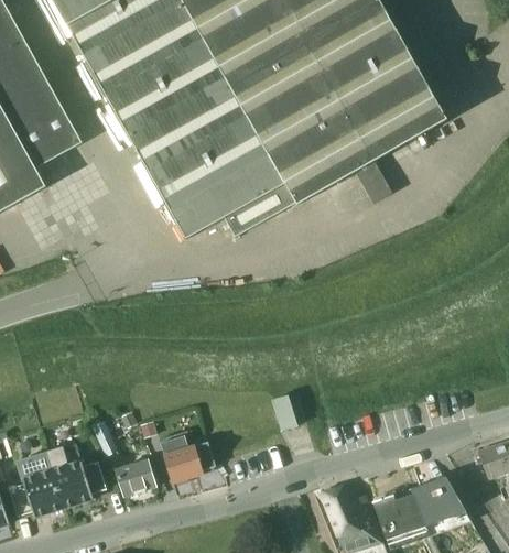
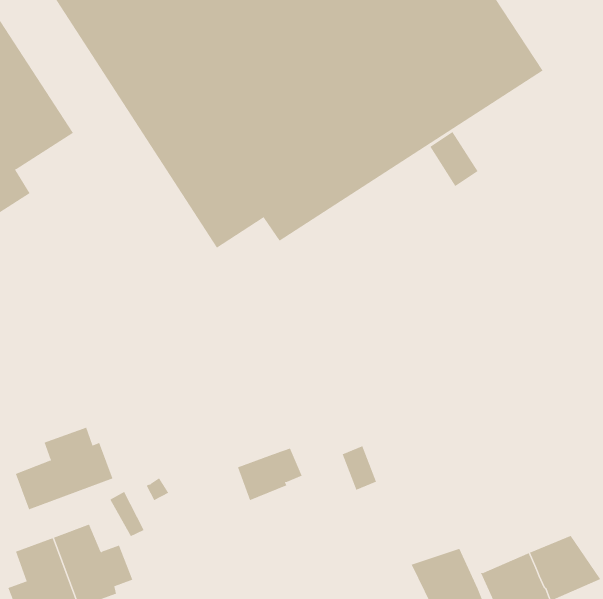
building: none -> [15,427,113,510]
building: [164,444,214,482] -> [237,448,302,501]
building: [117,460,155,496] -> none

